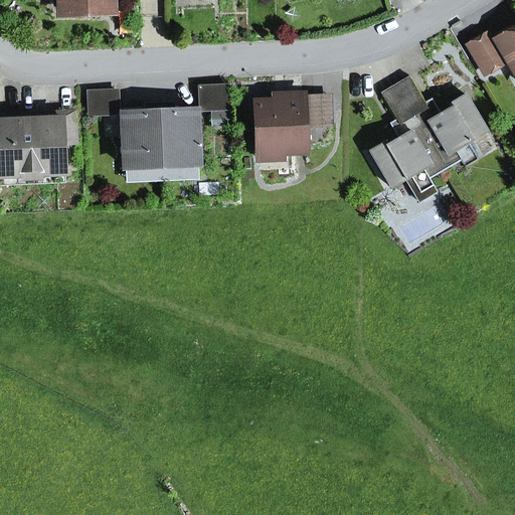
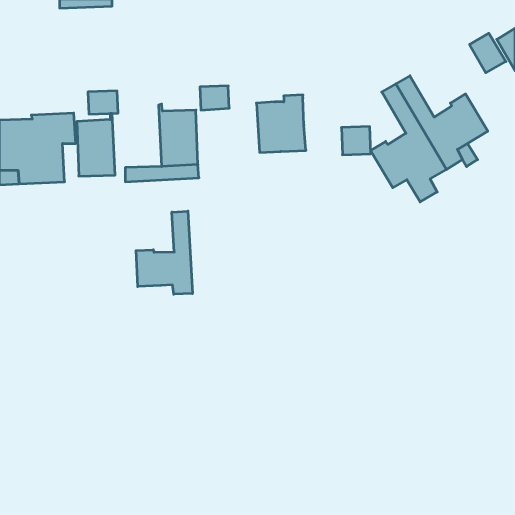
building: [302,97,331,125] -> [341,127,371,155]
building: [123,105,161,167] -> [77,114,115,176]
building: none -> [136,211,192,294]

